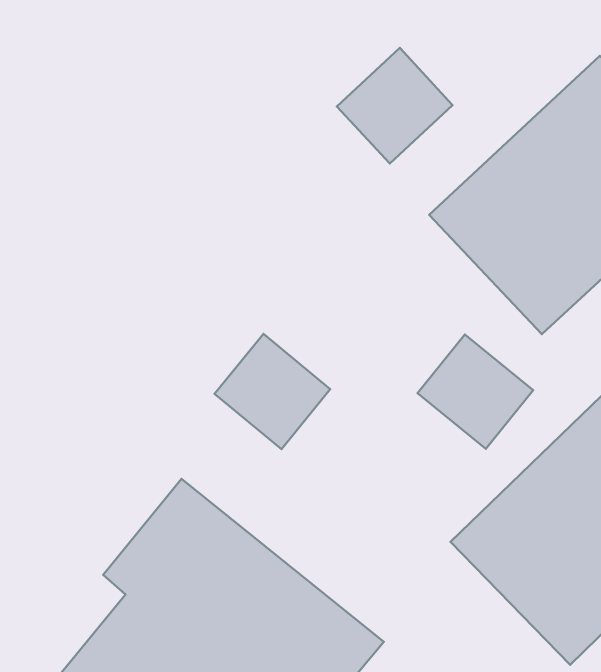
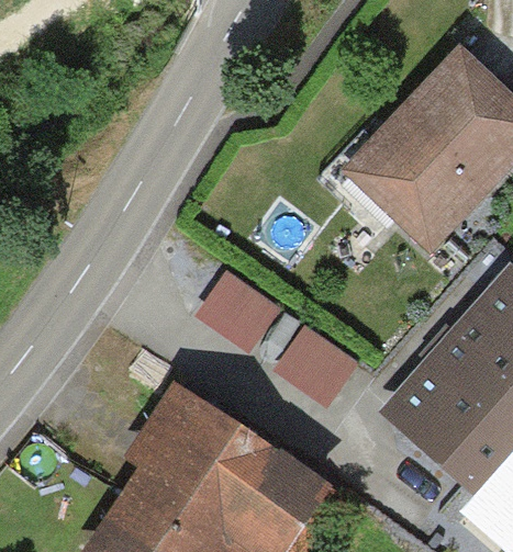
building: [337,48,452,164] -> none
building: [418,335,533,449] -> [275,325,360,408]

